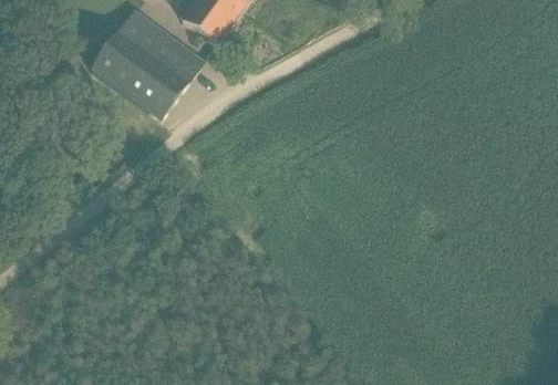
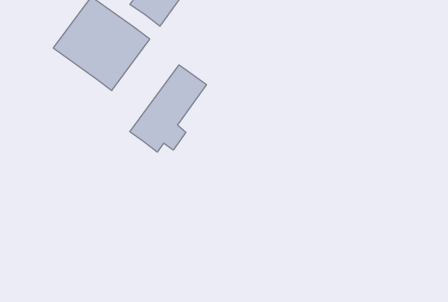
building: none -> [130,65,206,152]

